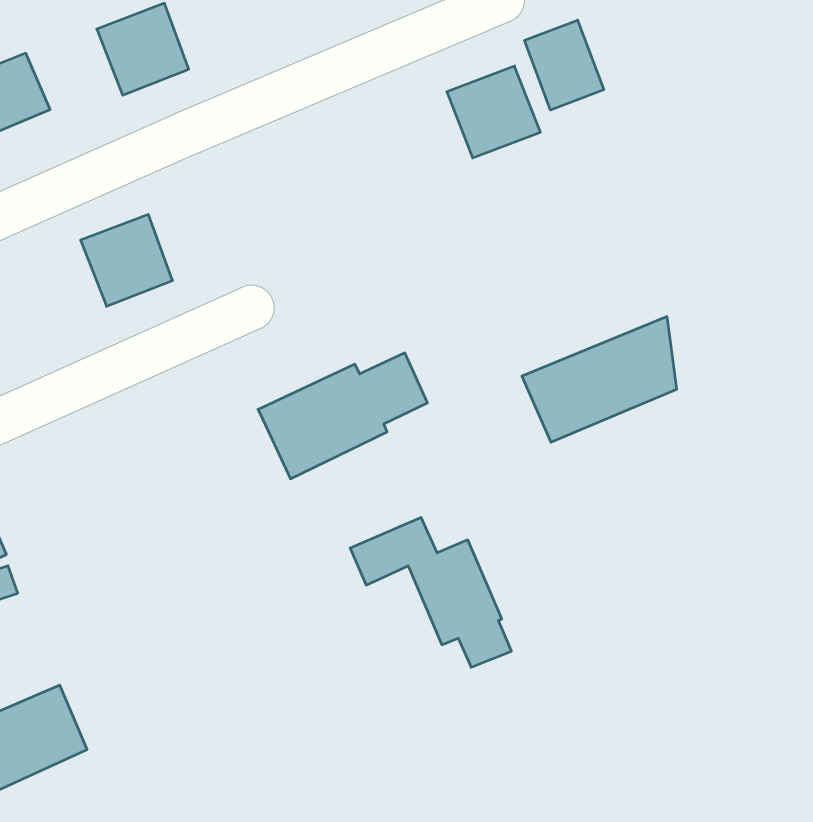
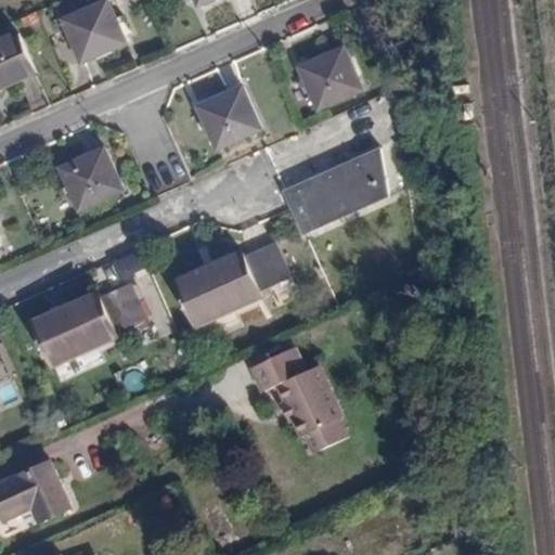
building: [525,20,604,110] -> none
building: none -> [197,86,259,147]
building: [522,317,677,442] -> [286,151,390,235]
building: none -> [28,283,143,366]

